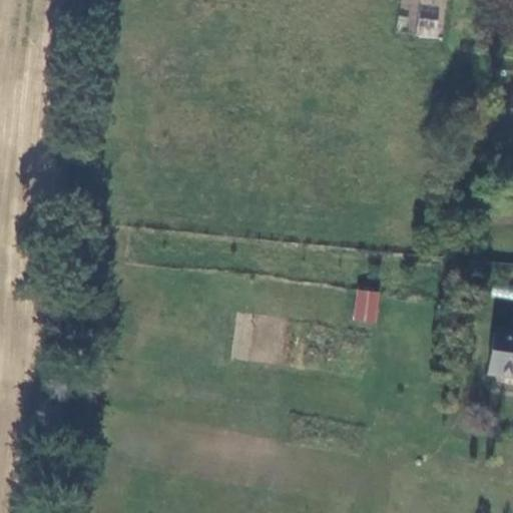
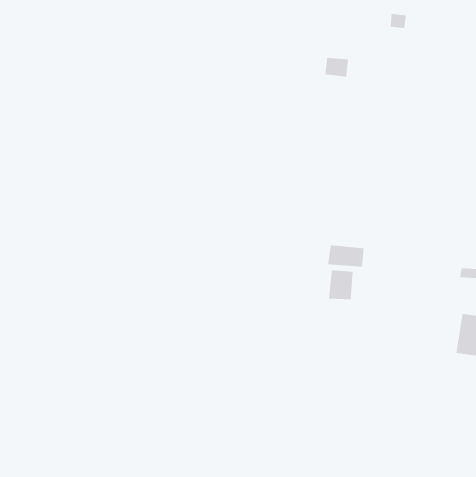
building: none -> [327,244,365,267]

